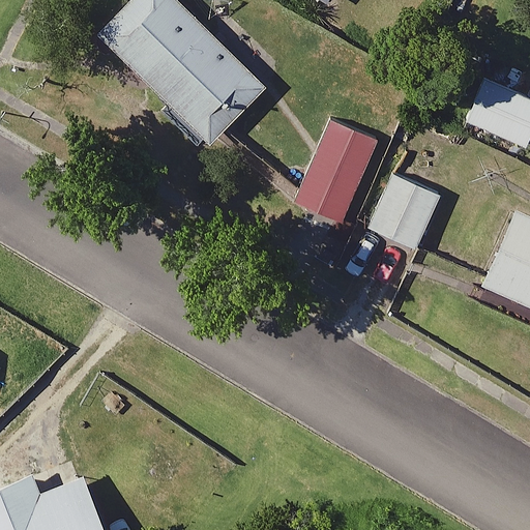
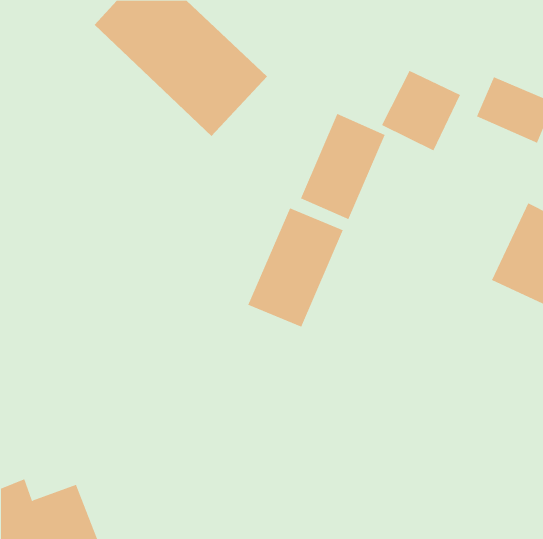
building: [364,173,441,251] -> [381,70,461,151]
building: none -> [248,207,343,328]

